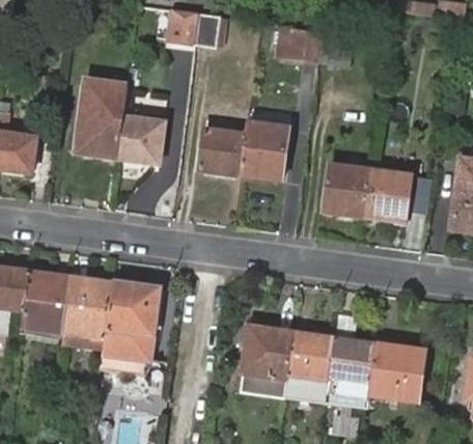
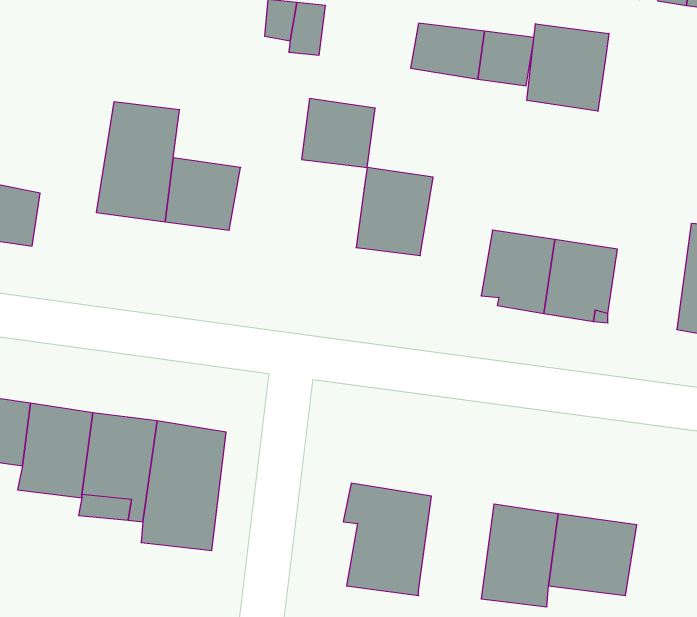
building: none -> [527,24,609,111]
building: [200,128,248,172] -> [302,99,375,167]
building: [283,333,332,399] -> none

